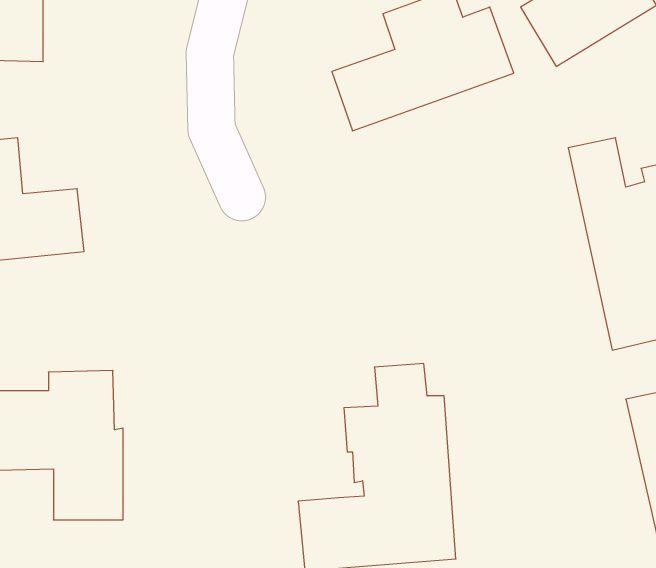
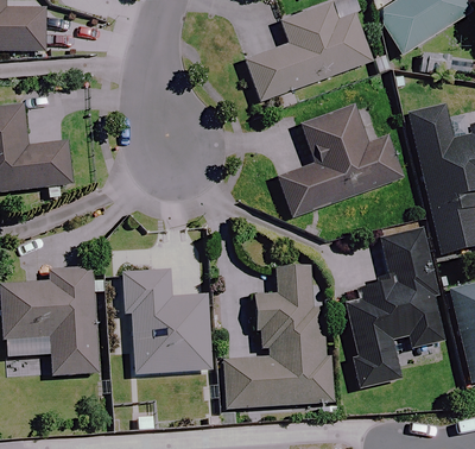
building: none -> [278,105,406,215]
building: none -> [348,228,441,386]
building: none -> [124,268,209,373]

